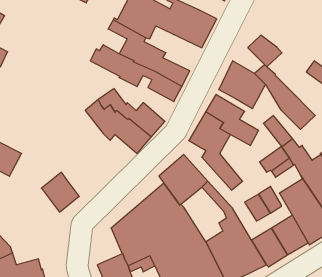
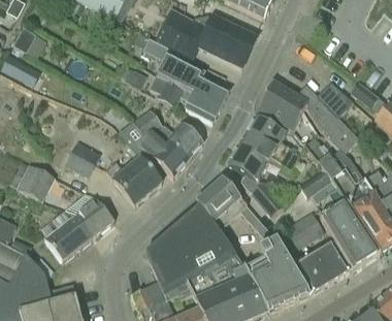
building: [248,35,282,67] -> [317,83,352,116]
building: none -> [66,142,99,175]
building: none -> [105,156,161,205]
building: none -> [43,213,93,261]

